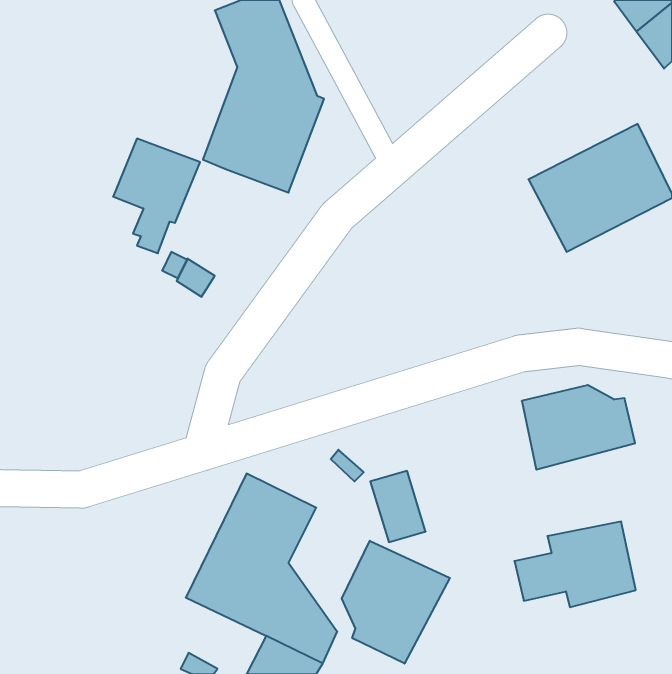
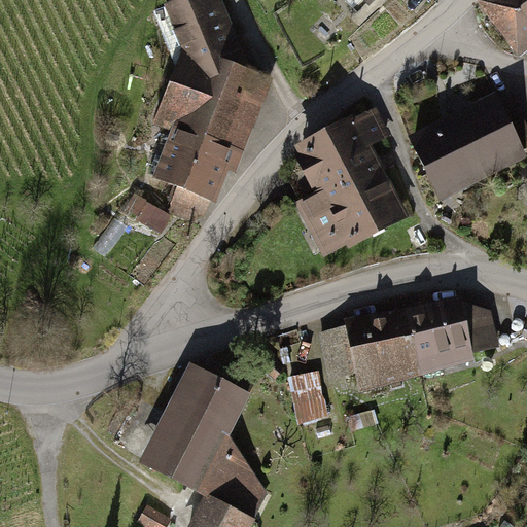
building: [113,139,200,253] -> [157,132,225,221]
building: none -> [298,110,402,251]
building: [514,522,636,607] -> [324,313,419,380]
building: [342,541,450,664] -> none

